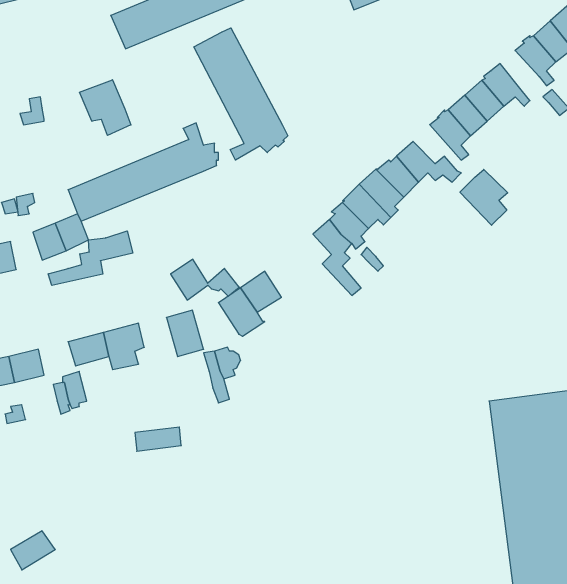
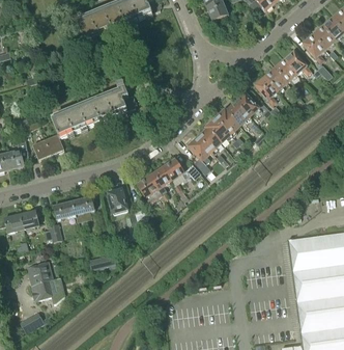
building: [194,28,288,160] -> none
building: [79,80,131,135] -> none
building: [460,169,508,225] -> none
building: [48,231,133,285] -> none
building: [171,259,239,300] -> [163,157,201,180]
building: none -> [28,260,59,302]

